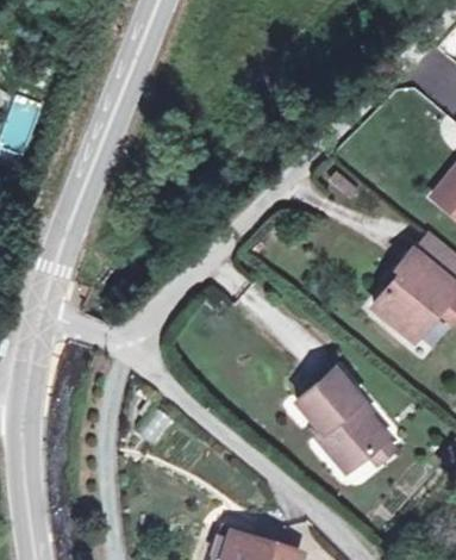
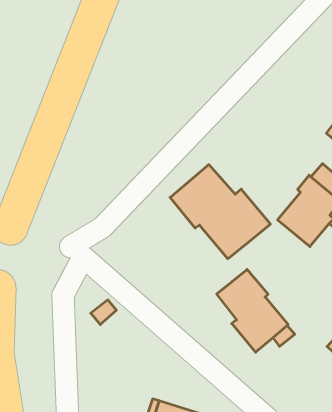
building: none -> [170,165,270,259]

